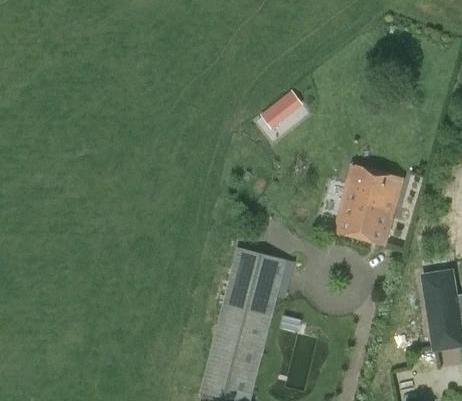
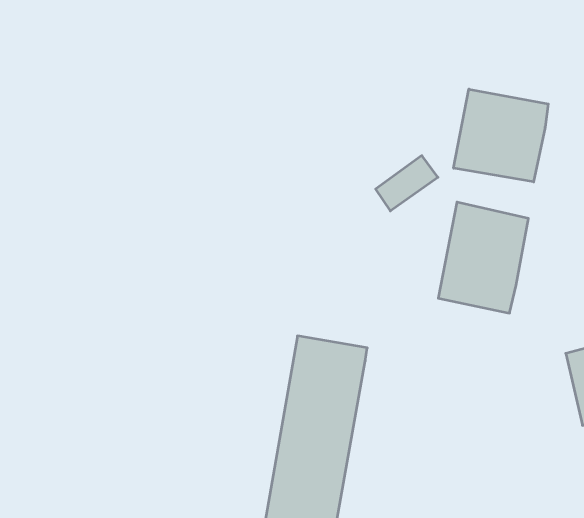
building: none -> [454,89,548,182]
building: [260,90,304,127] -> [376,156,438,211]

